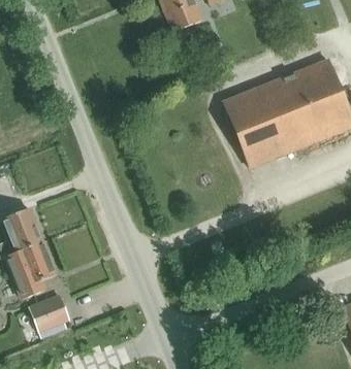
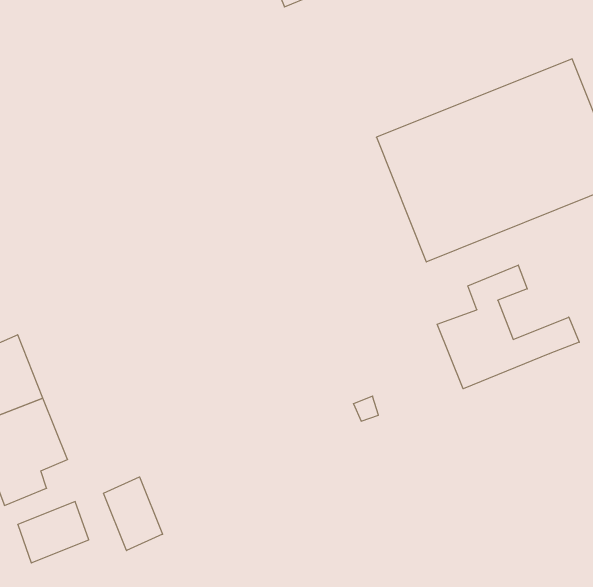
building: none -> [437,265,579,389]
building: none -> [104,477,163,551]

